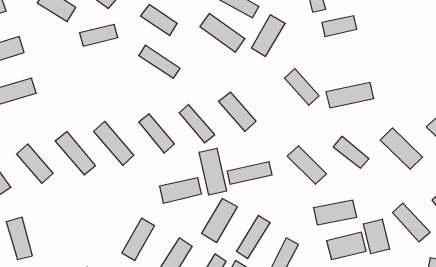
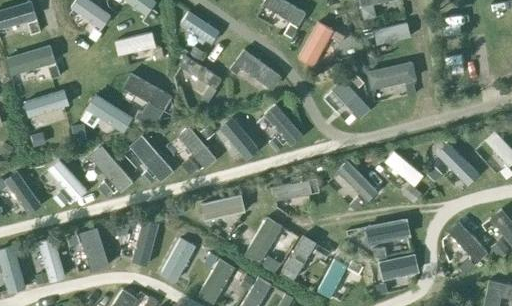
building: [200,13,245,52] -> [234,49,282,90]
building: none -> [123,74,172,111]
building: none -> [86,93,134,134]
building: [326,82,374,108] -> [366,62,417,89]
building: [199,148,227,195] -> none
building: none -> [131,219,160,267]
building: none -> [78,228,109,272]
building: [363,219,390,254] -> none

